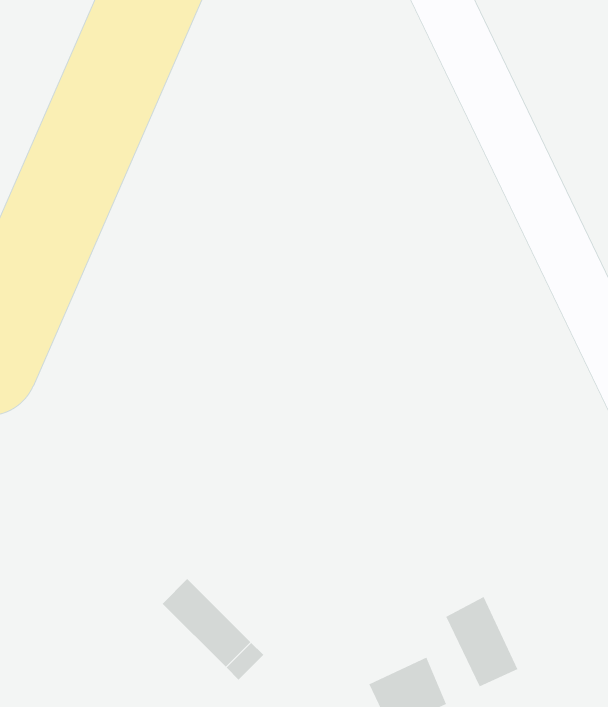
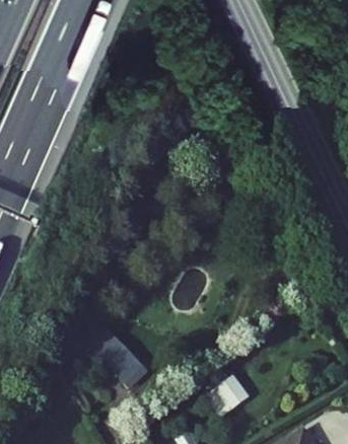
building: [446,596,518,687] -> none

